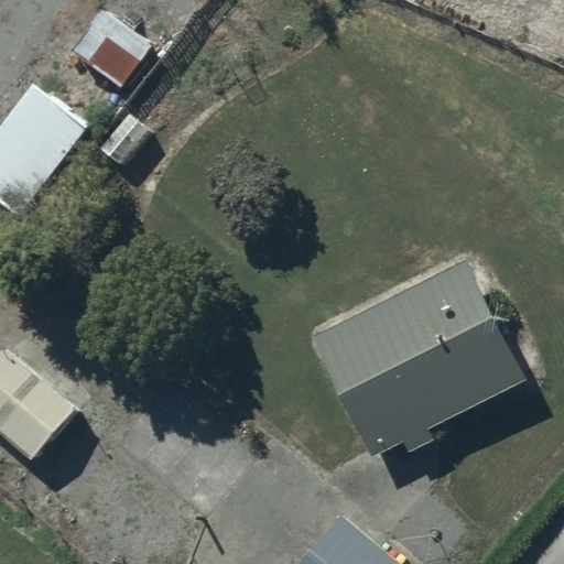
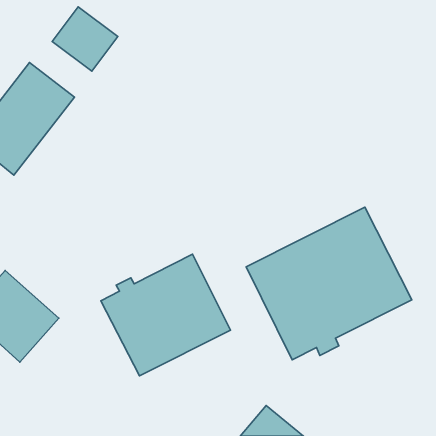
building: none -> [101,254,231,376]

